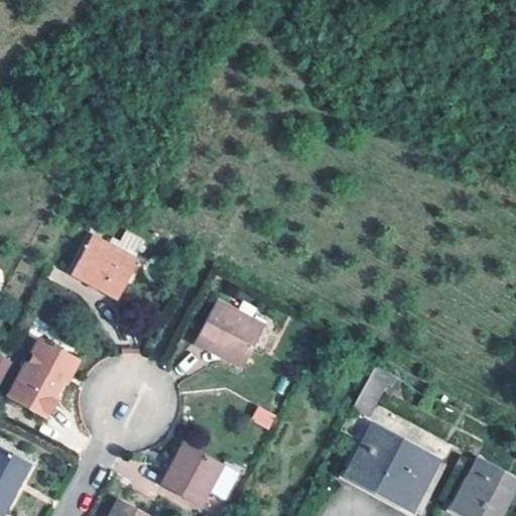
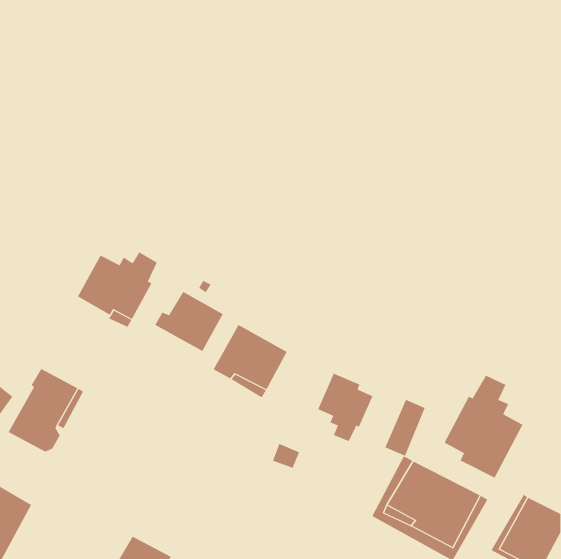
building: none -> [155,291,223,352]
building: none -> [318,373,373,442]
building: none -> [444,375,523,479]
building: [160,439,225,503] -> none

